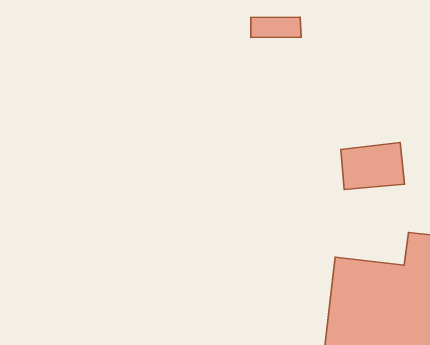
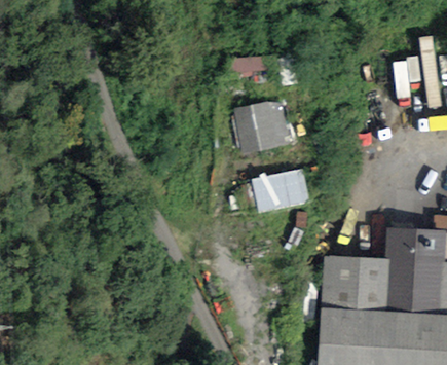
building: none -> [235,108,282,155]
building: [341,143,404,190] -> [262,167,320,211]

